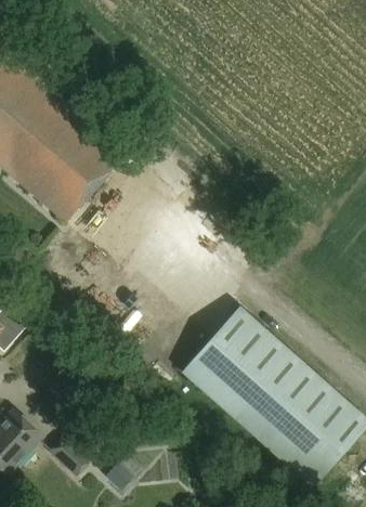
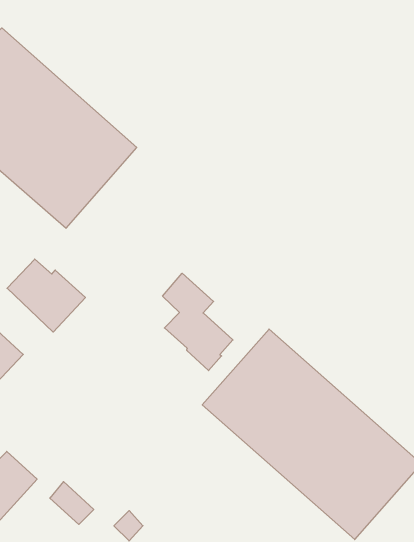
building: none -> [7,259,85,332]
building: none -> [163,273,233,371]

